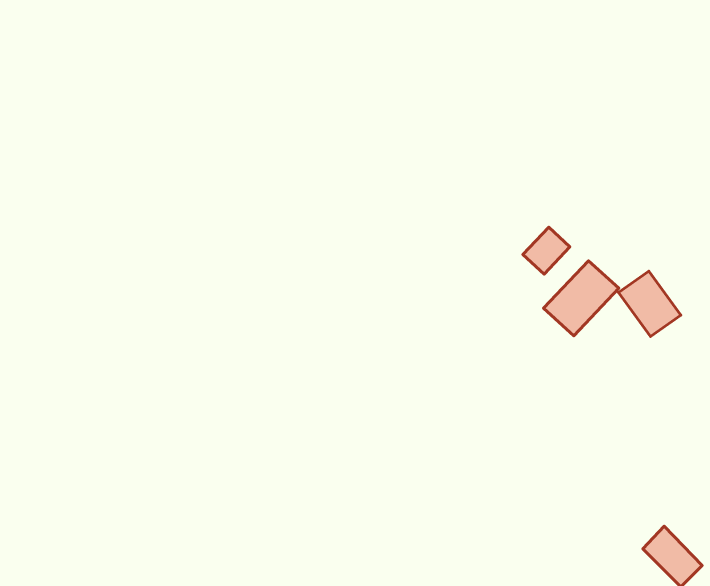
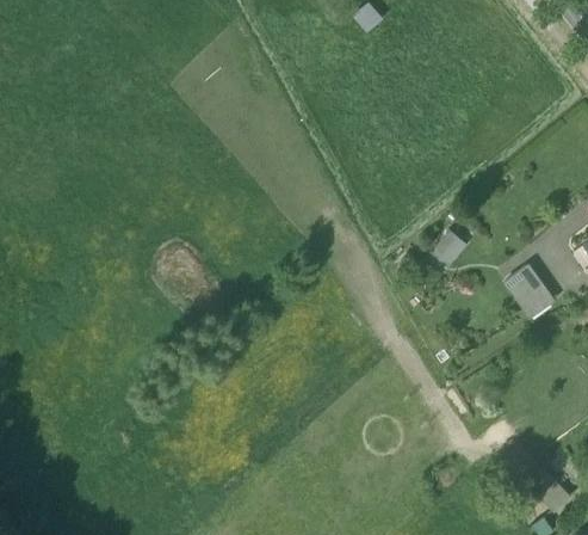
building: [544,261,619,336] -> none

